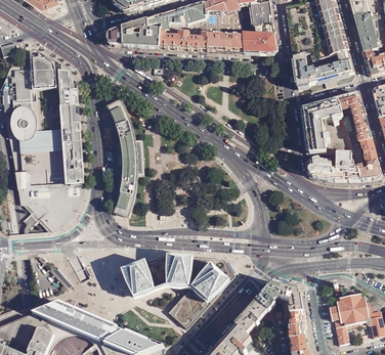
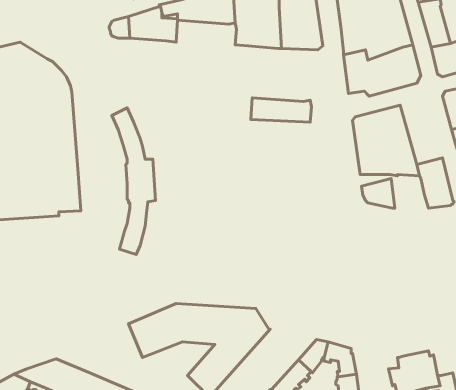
building: [160,31,208,50] -> [251,98,311,122]
building: [338,92,372,145] -> none
building: [330,153,360,180] -> none

